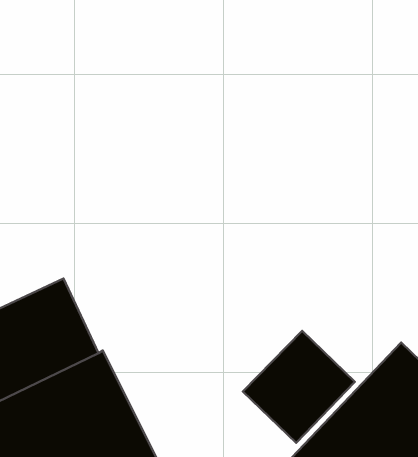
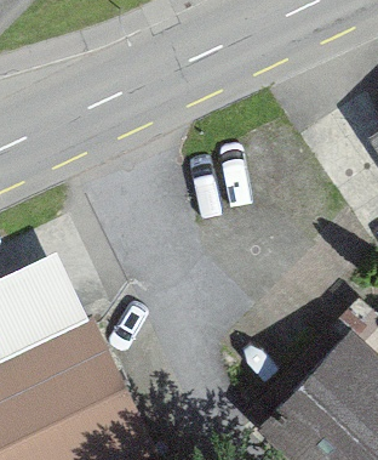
building: [243,331,355,443] -> none

